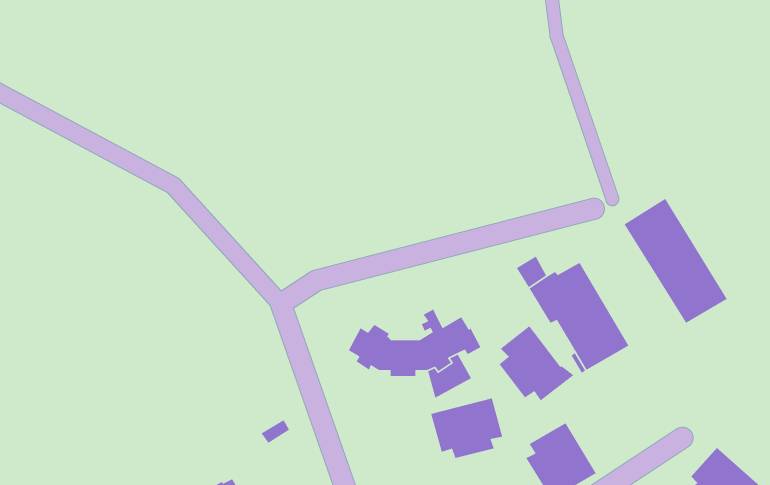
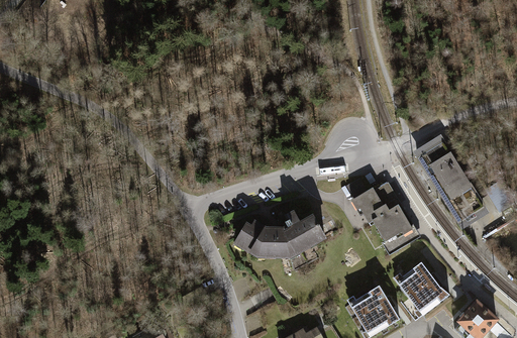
building: [498,325,575,402] -> [399,260,448,310]
building: [430,398,503,459] -> none

